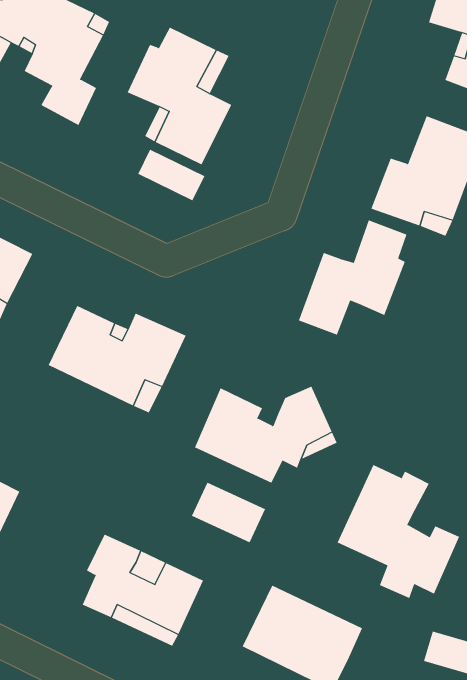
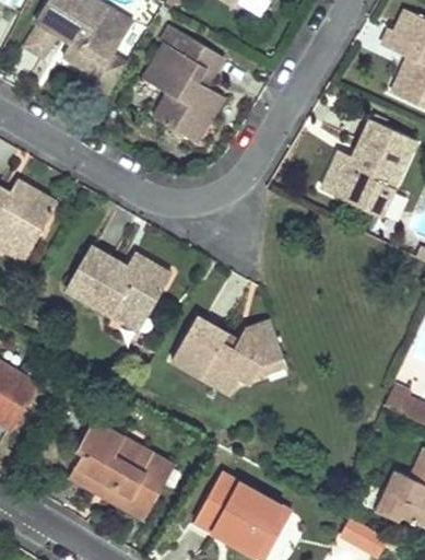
building: [137,149,205,201] -> none
building: [298,220,407,336] -> none
building: [337,464,460,599] -> none
building: [191,482,266,543] -> none

